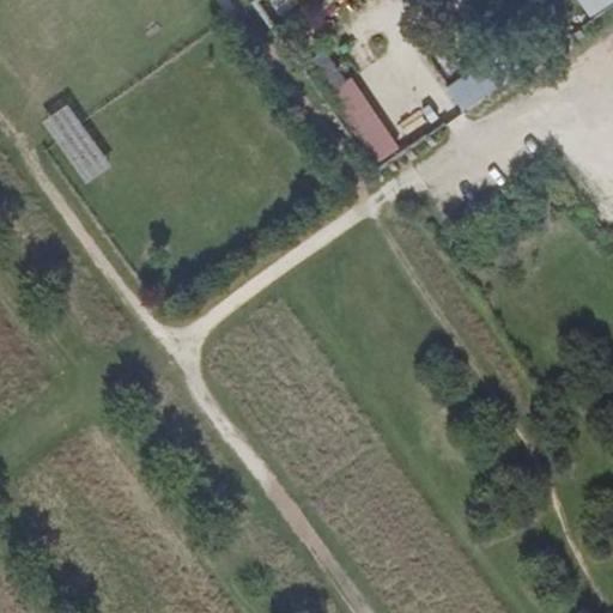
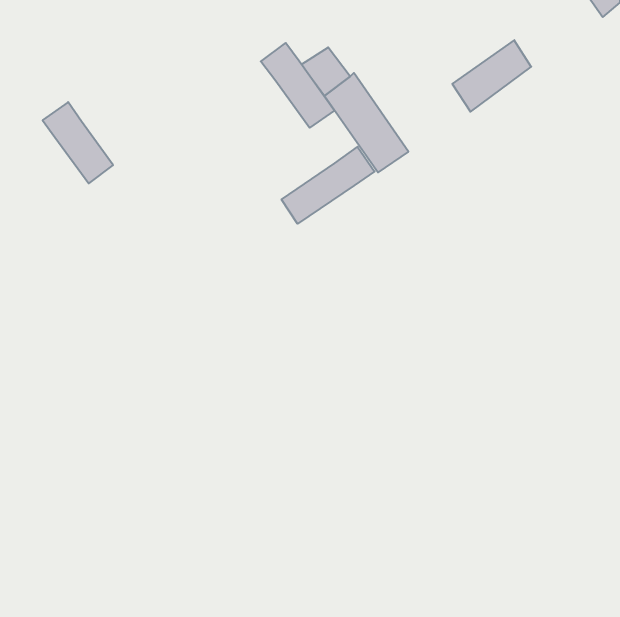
building: none -> [261,43,334,128]
building: none -> [282,147,375,224]

